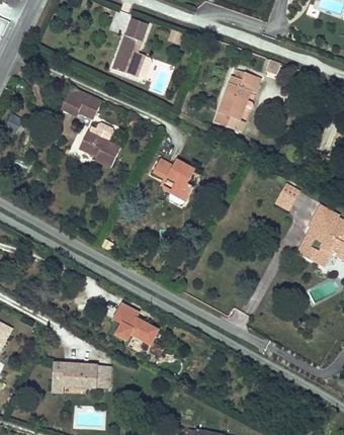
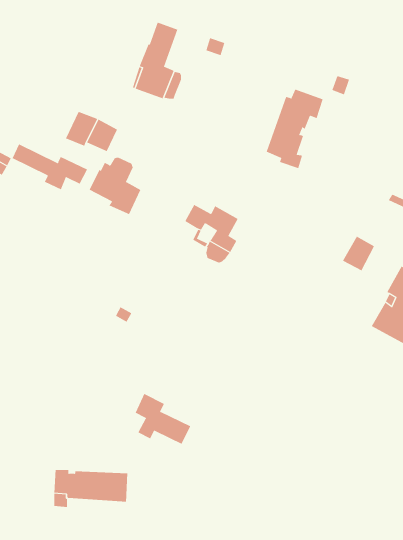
building: none -> [12,144,88,190]

